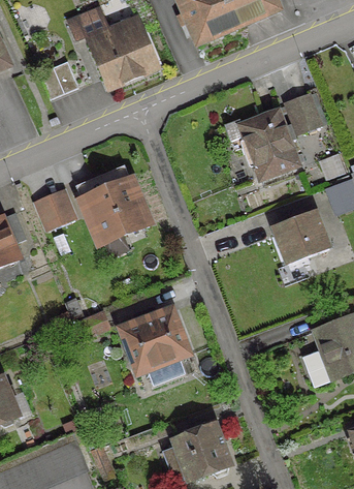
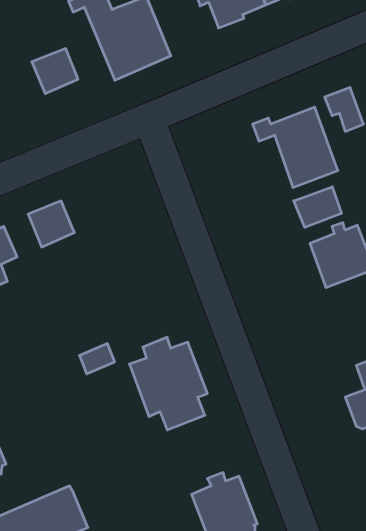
building: [76,177,149,244] -> none
building: none -> [294,187,341,227]

